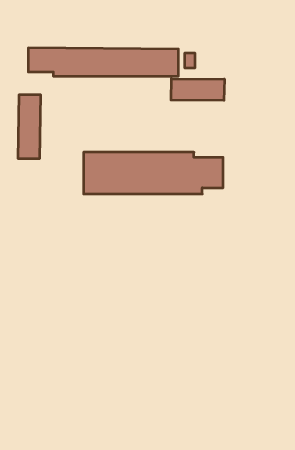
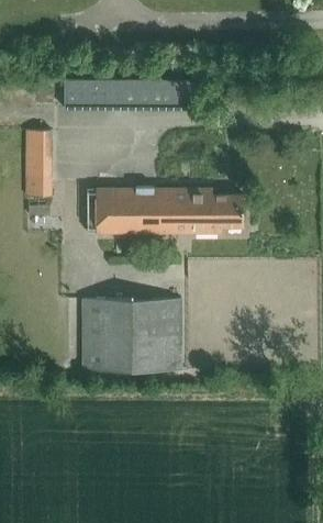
building: [171,79,224,100] -> none
building: none -> [81,298,181,368]

